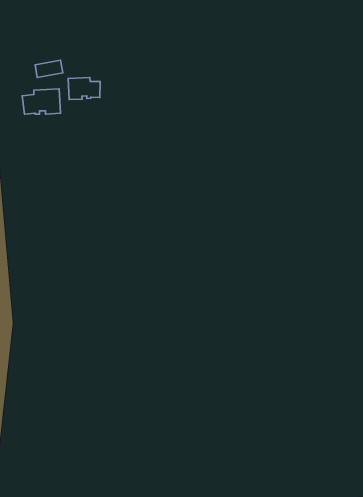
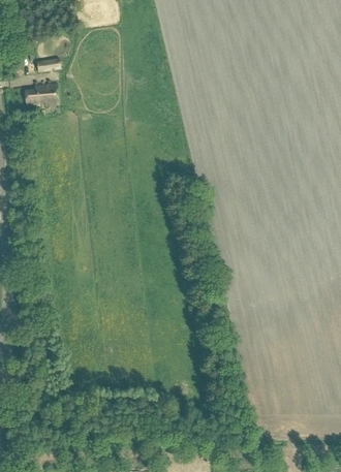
building: [68,77,100,99] -> none

